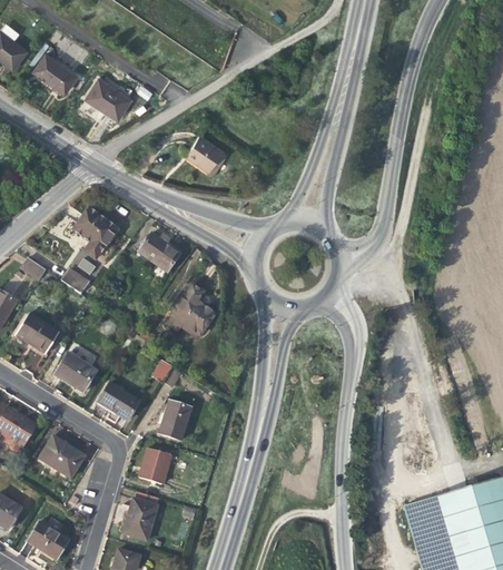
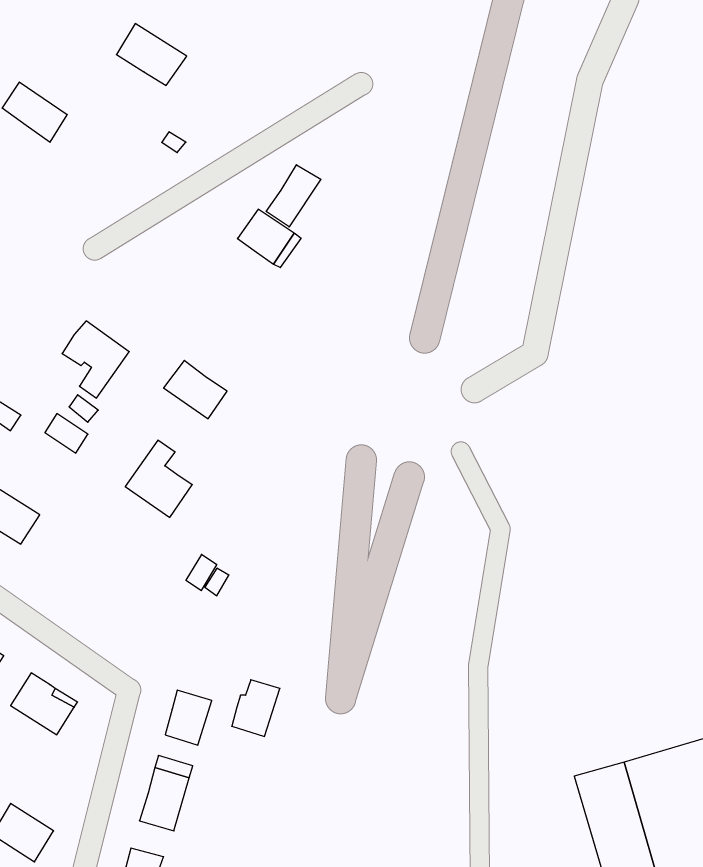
building: [86,78,131,118] -> [116,24,187,85]
building: none -> [266,165,321,227]
building: [171,284,215,334] -> [125,440,192,517]
building: [56,354,96,391] -> none
building: [99,384,139,419] -> none
building: [160,403,191,440] -> [232,680,280,736]

